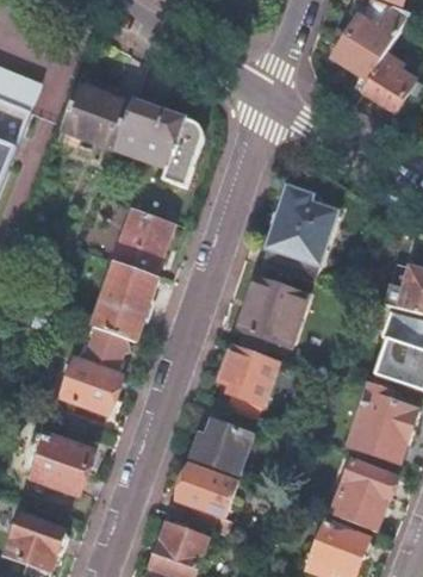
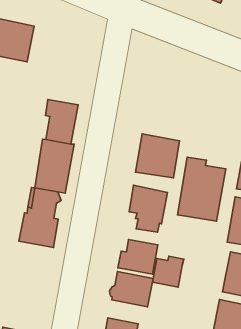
building: [113,99,203,186] -> none
building: [260,185,337,280] -> [178,157,226,221]
building: [31,435,92,494] -> none
building: none -> [152,256,184,287]

